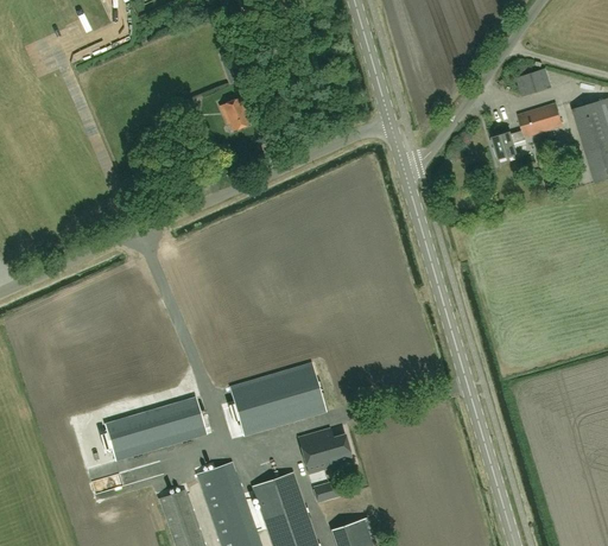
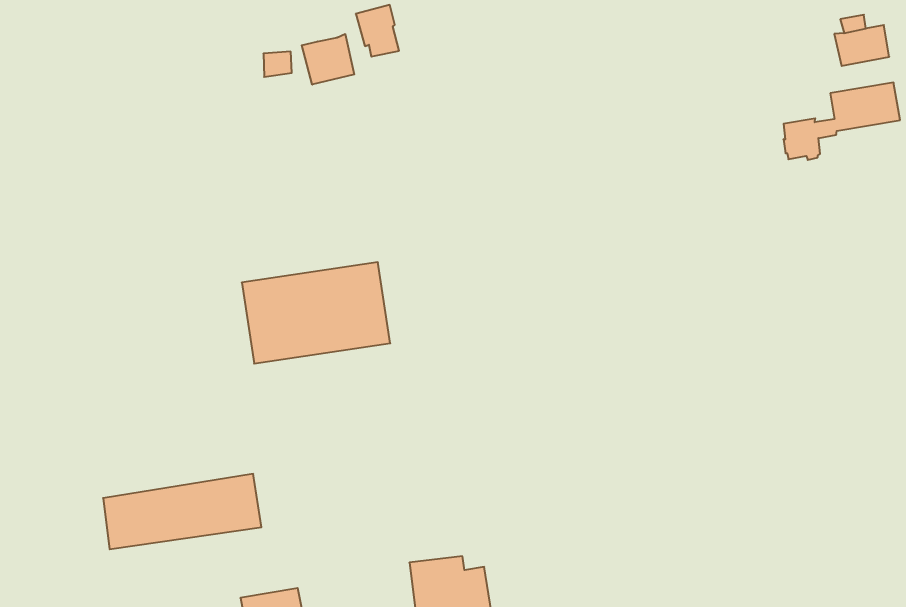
building: none -> [302,34,354,85]
building: [229,363,325,436] -> [242,262,390,364]

